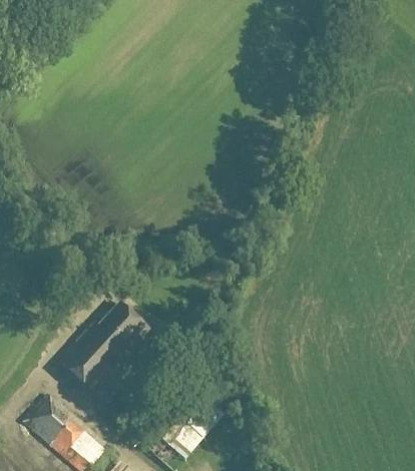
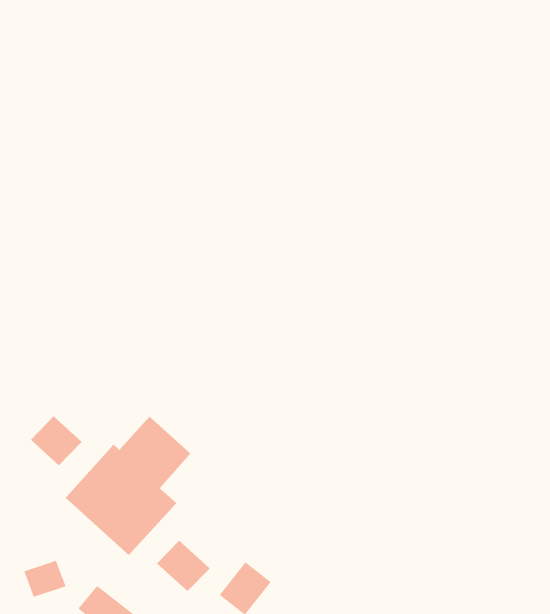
building: none -> [30,416,82,466]
building: none -> [156,540,210,592]

